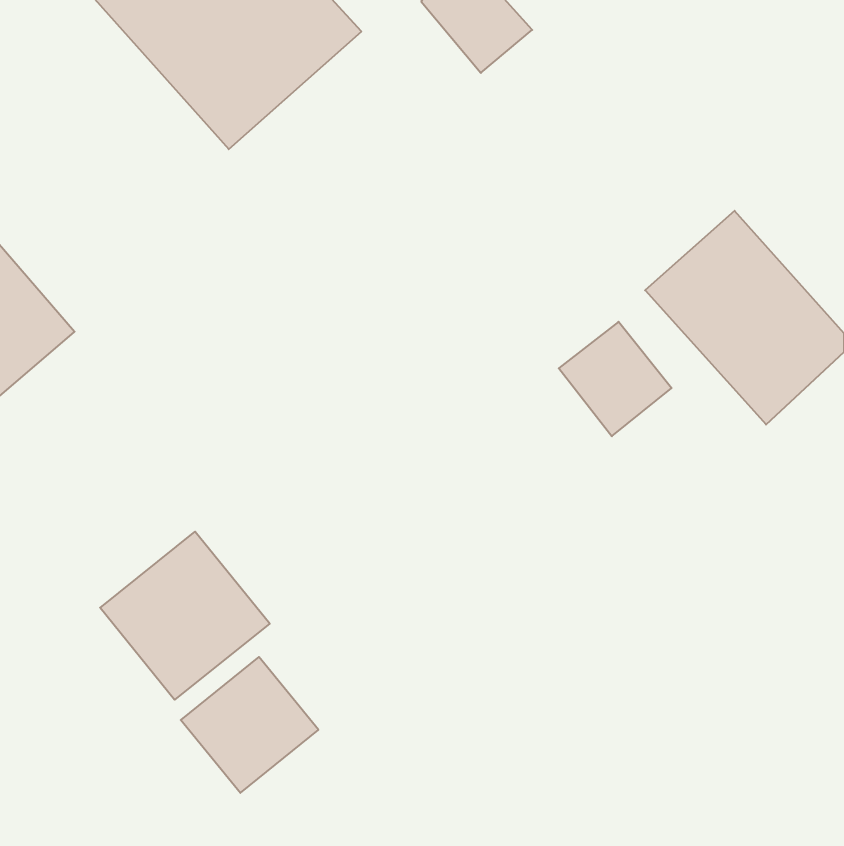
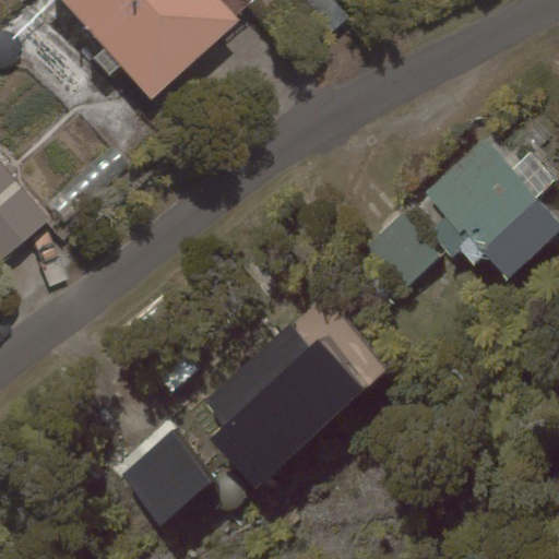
building: none -> [200,292,392,488]
building: [100,532,270,700] -> none

